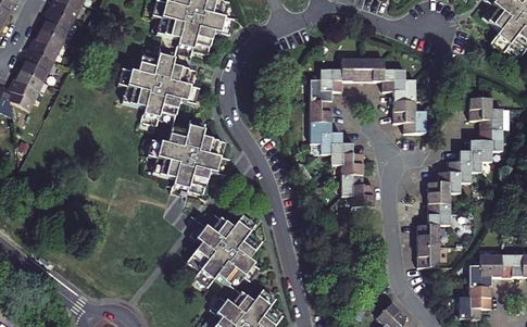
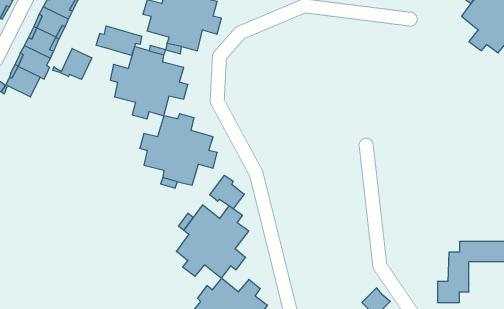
building: none -> [96,26,142,56]
building: none -> [53,48,92,79]
building: [310,56,426,203] -> none
building: [417,101,502,269] -> none
building: none -> [210,175,244,209]

